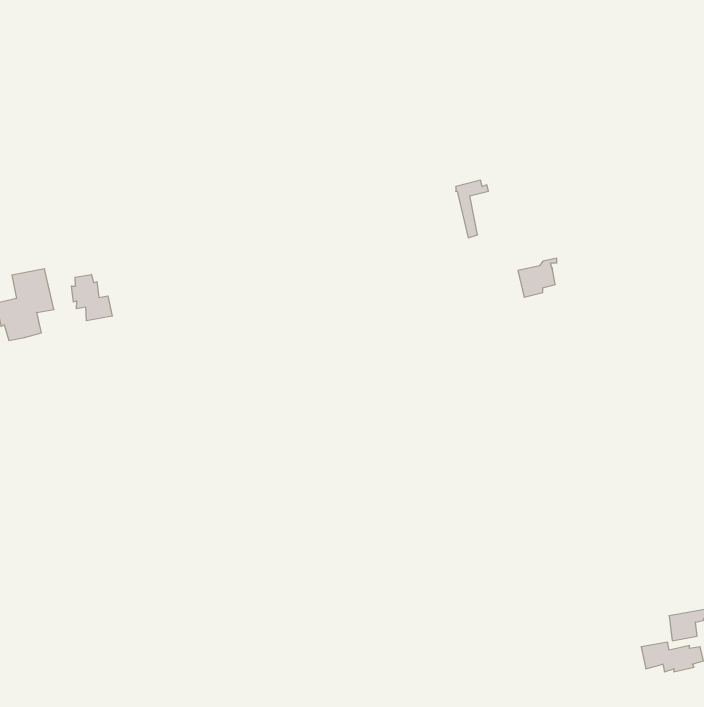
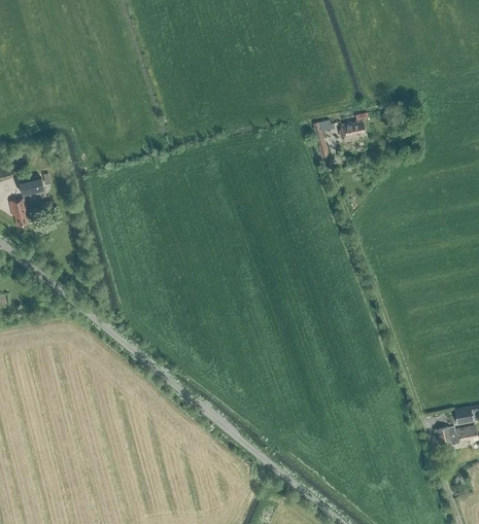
building: [518,258,557,297] -> [340,115,366,141]
building: [71,274,112,321] -> none

